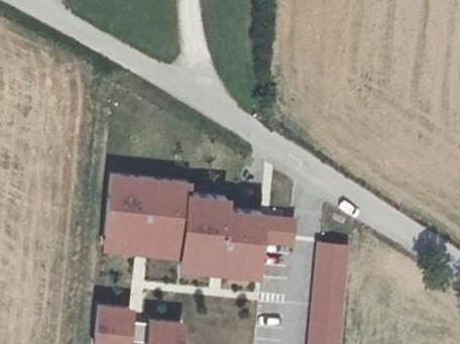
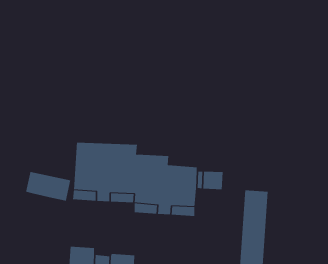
building: none -> [26,171,71,202]

